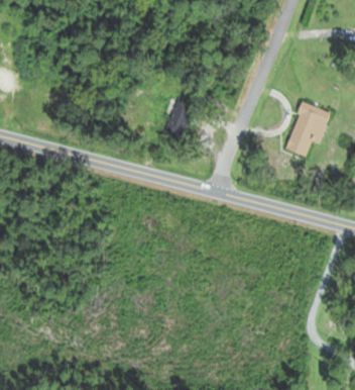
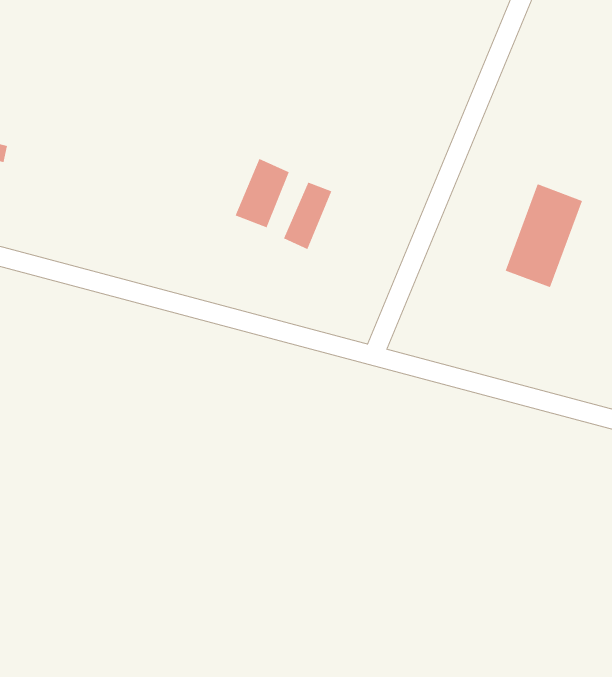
building: none -> [235,158,289,228]

